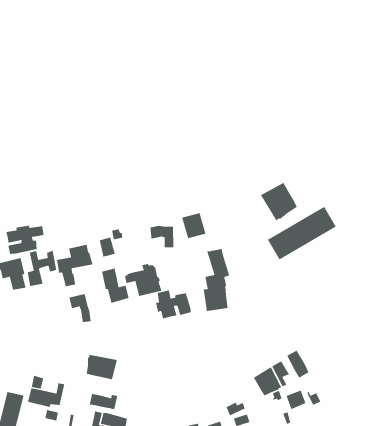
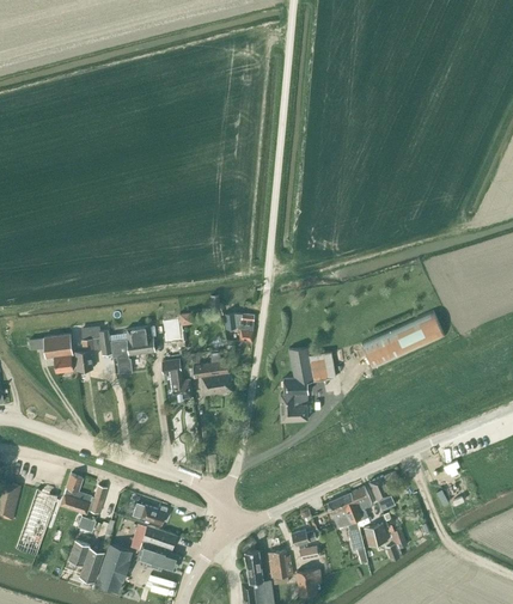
building: [260,182,298,221] -> none
building: [181,212,206,239] -> [309,352,336,382]
building: [5,225,45,255] -> none
building: [155,289,192,320] -> none
building: [68,293,91,323] -> none
building: [86,354,118,380] -> none

